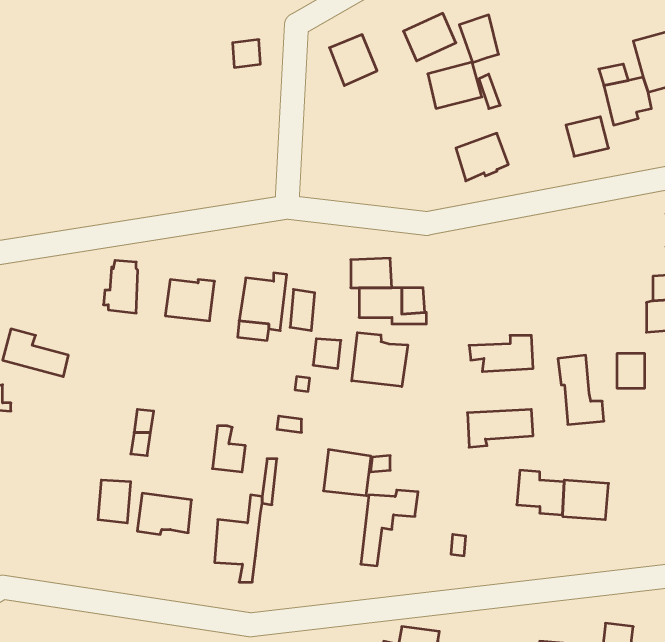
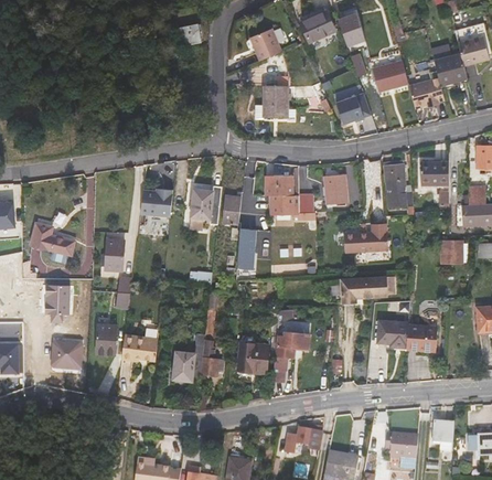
building: [428,62,482,108] -> [373,61,409,92]
building: none -> [264,87,288,118]
building: none -> [421,162,450,184]
building: none -> [324,174,347,204]
building: [103,260,138,313] -> [100,235,124,270]
building: [352,333,408,387] -> none
building: [558,355,604,424] -> [383,161,414,207]
building: none -> [45,285,71,316]
building: [212,426,245,472] -> [201,346,223,377]
building: [323,450,371,496] -> [237,339,269,370]
building: none -> [52,338,84,371]

